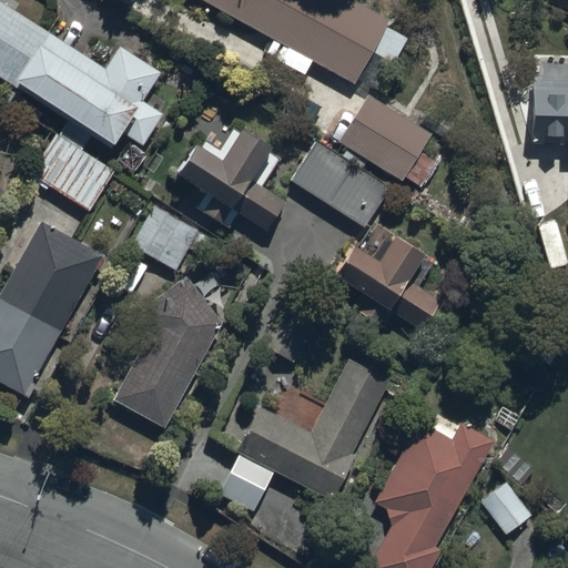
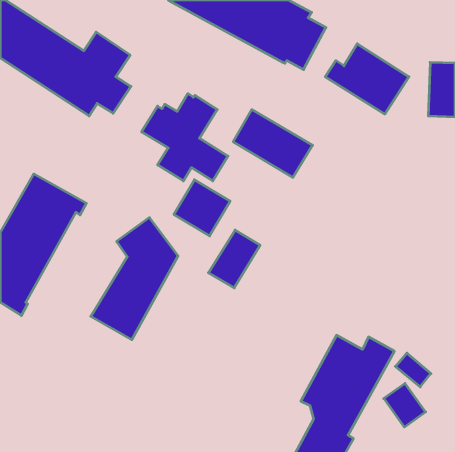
building: [326,93,430,181] -> [325,44,409,114]
building: [29,133,115,211] -> none
building: [129,201,199,271] -> [174,180,230,236]
building: [333,229,440,329] -> none
building: [217,357,389,513] -> none

